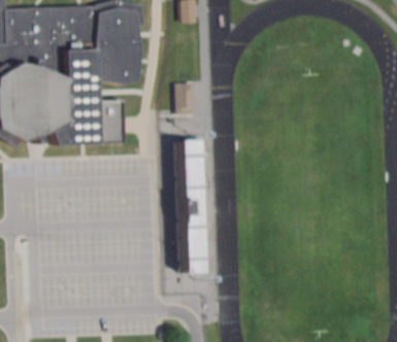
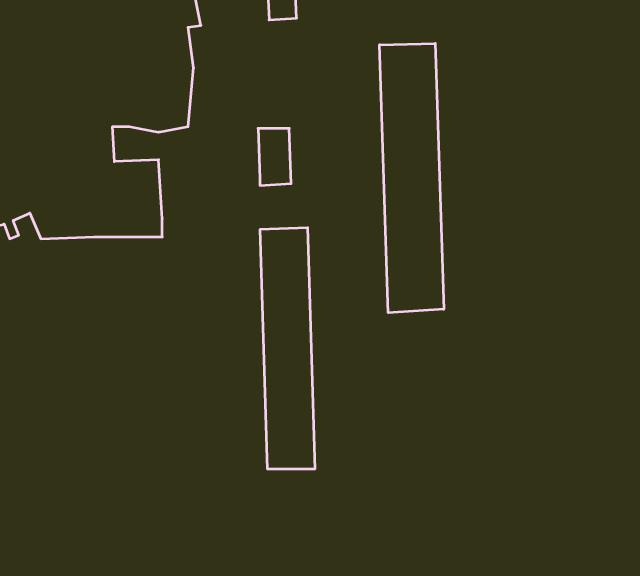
building: none -> [380,43,444,313]

